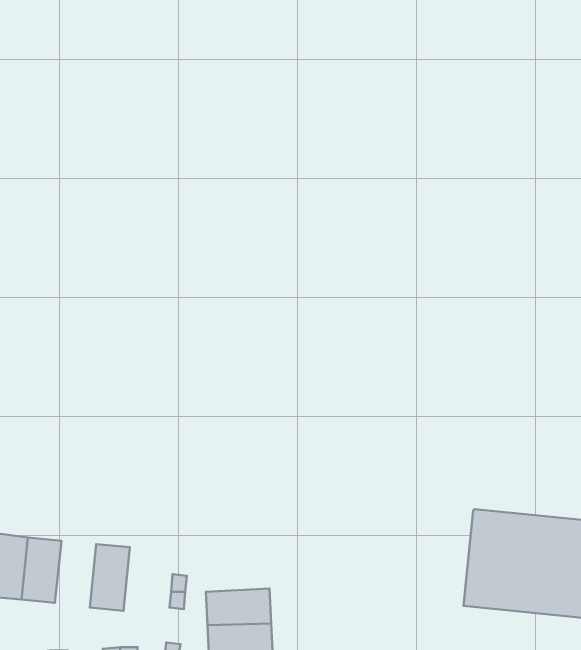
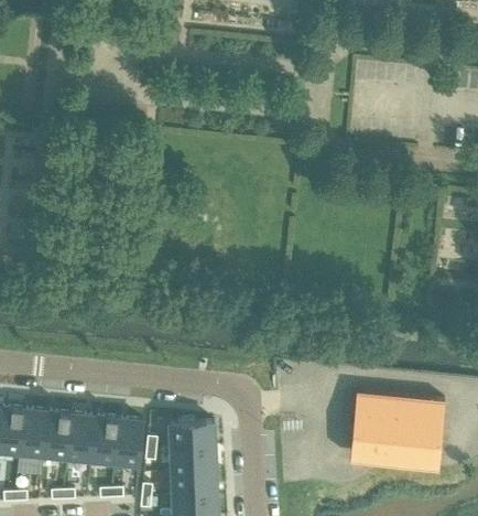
building: none -> [66,416,95,462]
building: none -> [113,420,143,466]
building: none -> [170,420,215,451]

